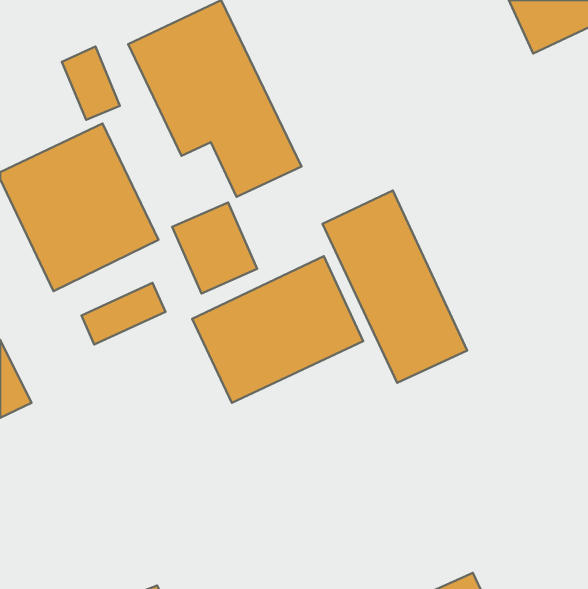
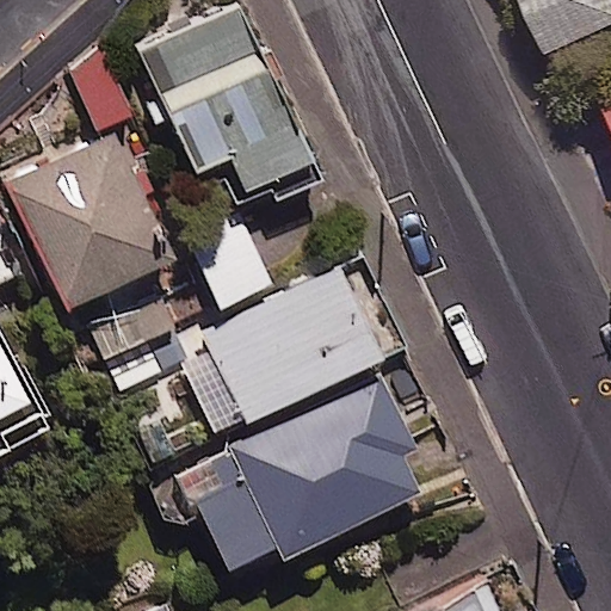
building: [323,191,467,383] -> none
building: none -> [183,378,419,564]

